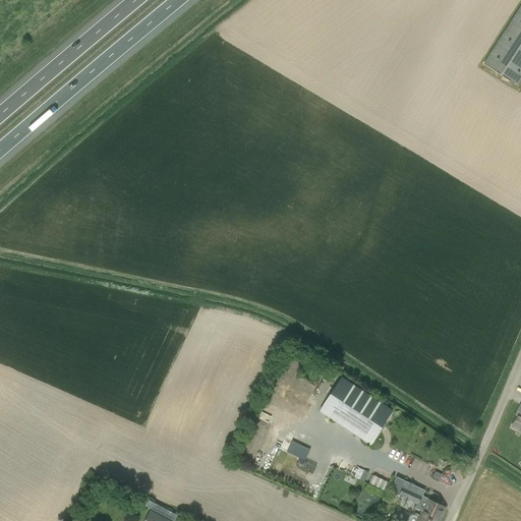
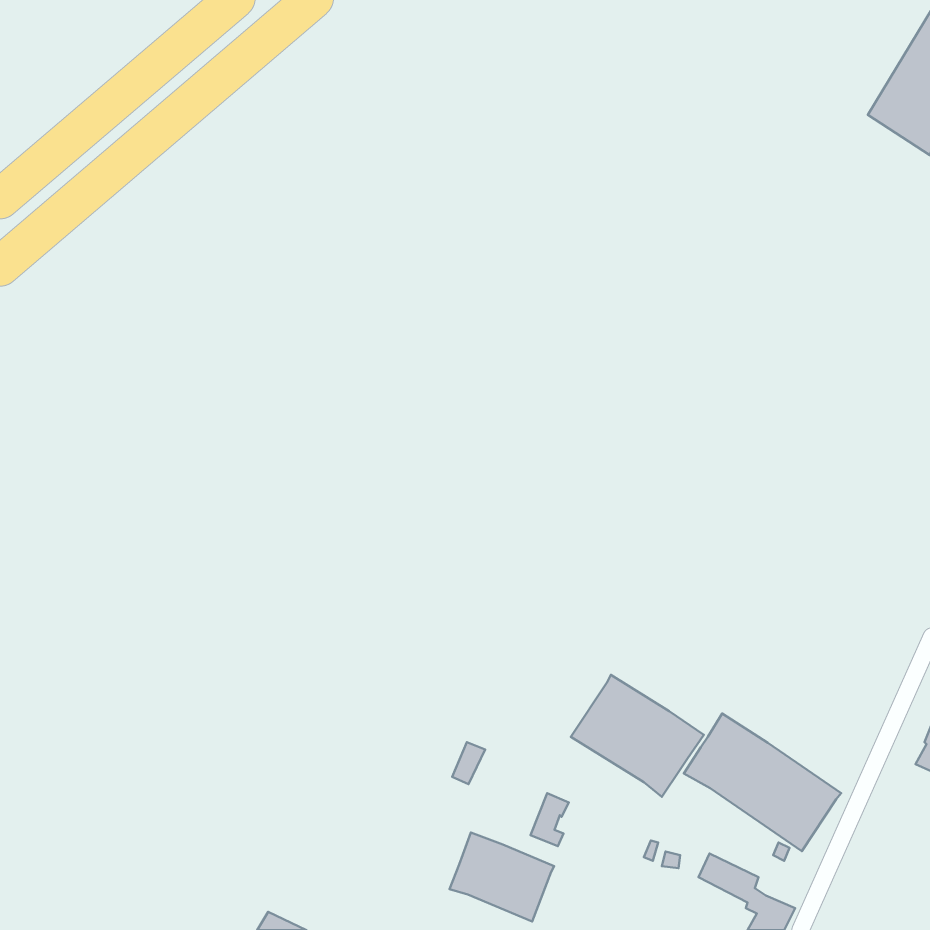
building: none -> [684,713,841,851]
building: none -> [450,833,554,921]

